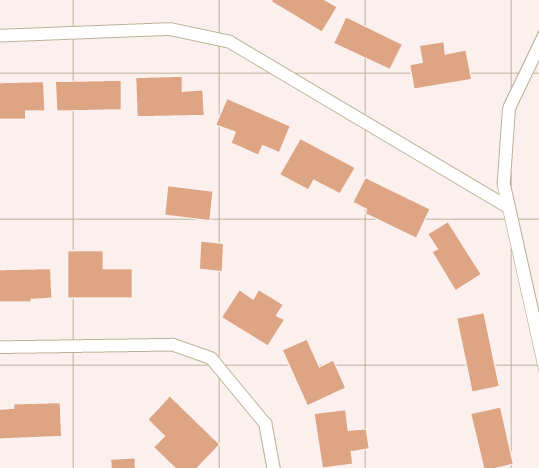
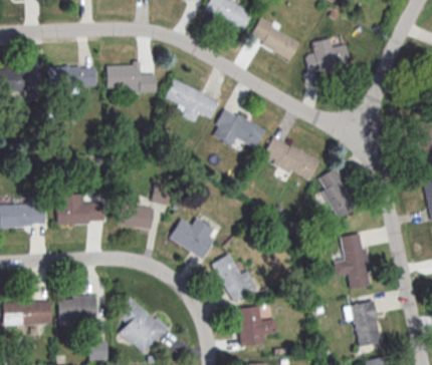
building: [165,186,213,220] -> [119,204,154,229]
building: none -> [58,296,97,321]

